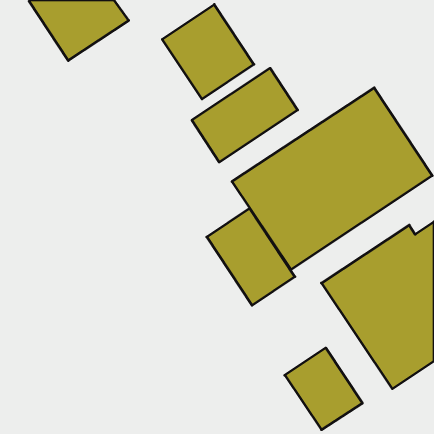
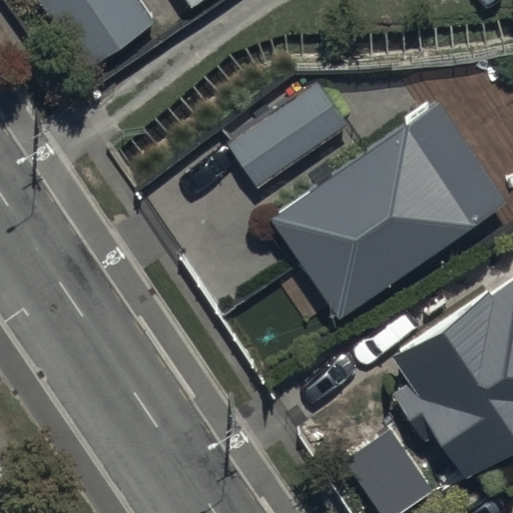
building: [162,4,254,99] -> none
building: [207,208,295,305] -> none

